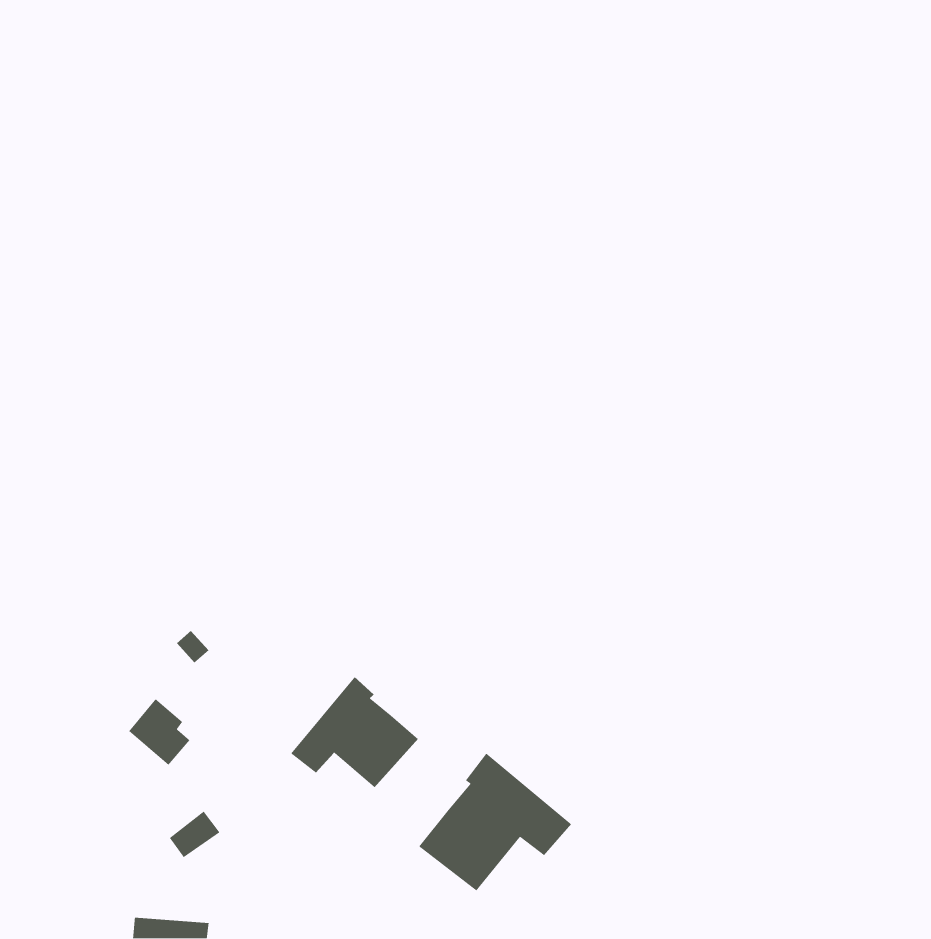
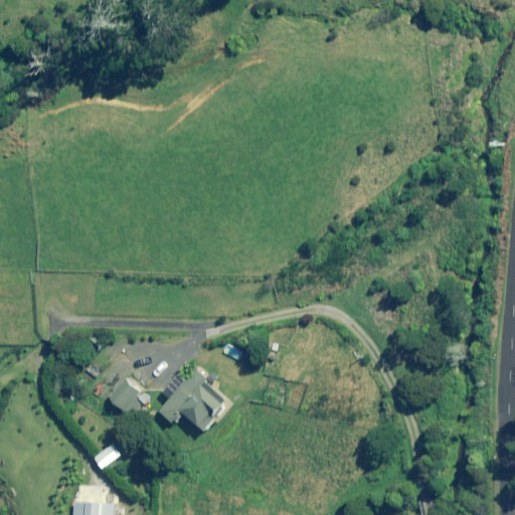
building: [128,698,191,766] -> [107,379,141,416]
building: [418,752,572,892] -> none

